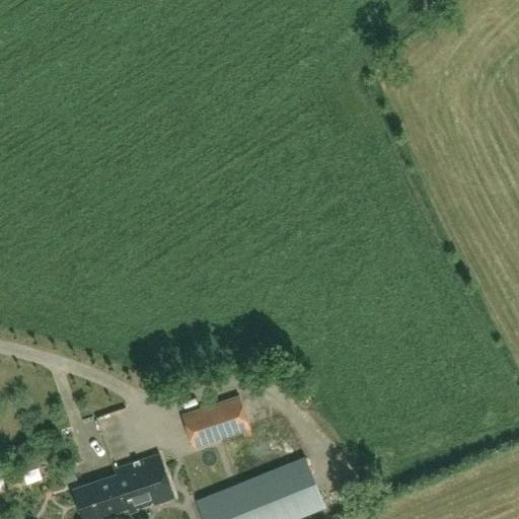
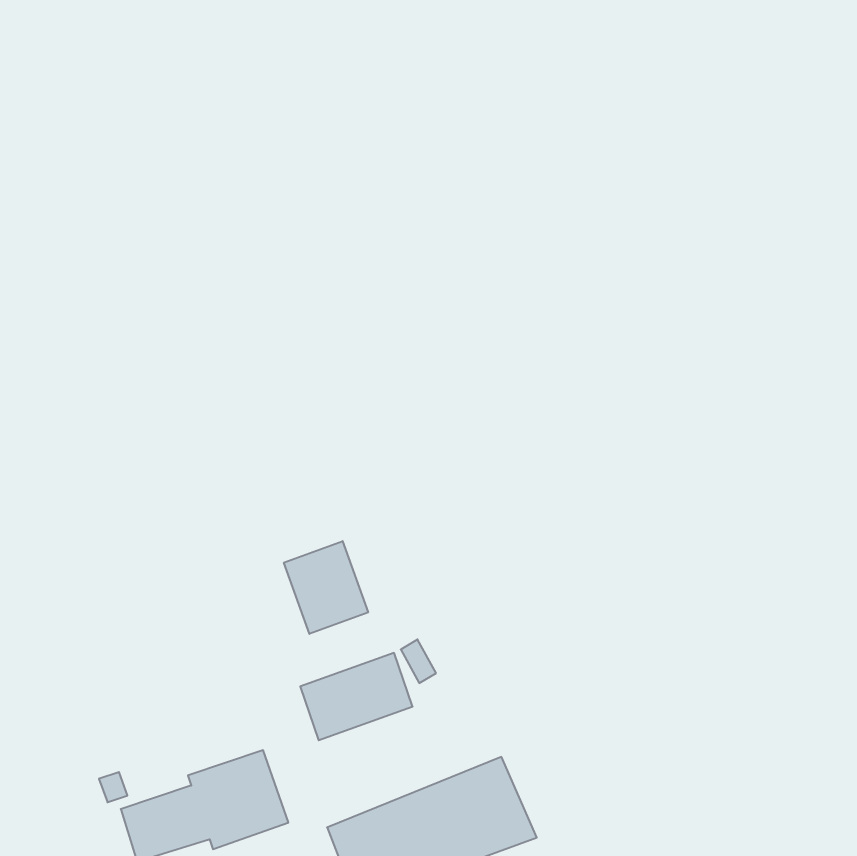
building: none -> [284,541,368,634]

